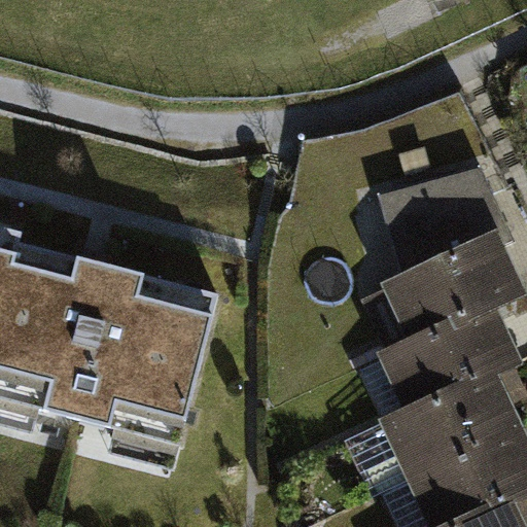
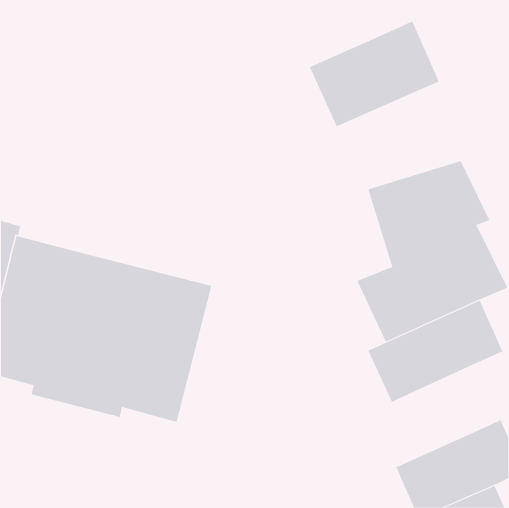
building: none -> [309,21,439,127]
building: [382,376,518,483] -> none

